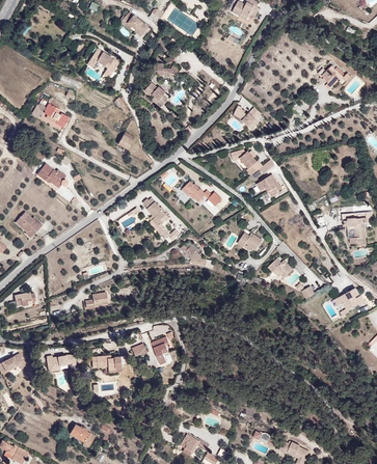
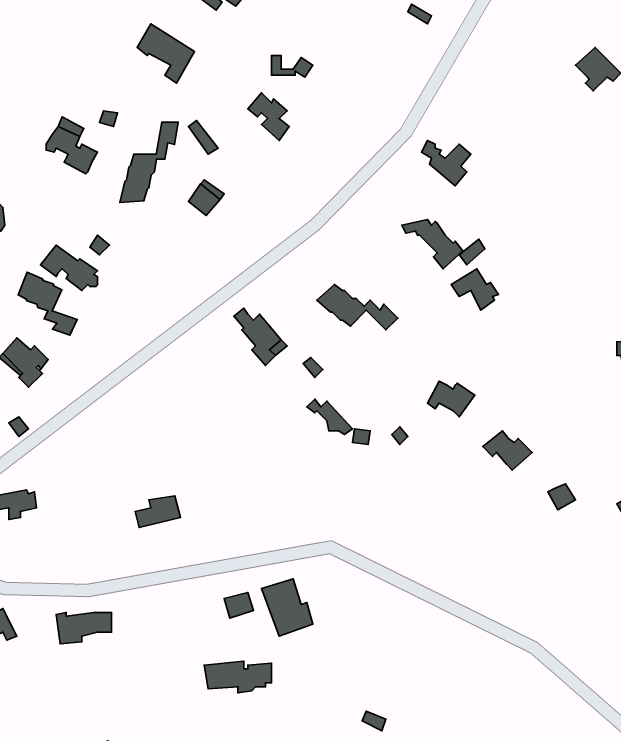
building: none -> [120,122,178,202]
building: none -> [18,272,77,335]
building: [87,356,123,373] -> [204,661,271,693]

